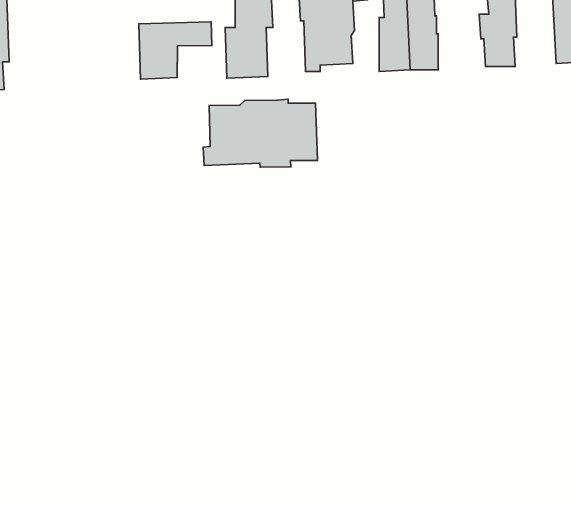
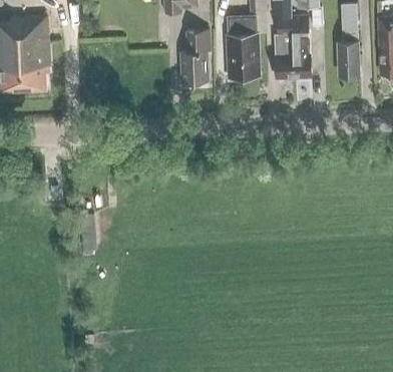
building: [139,22,212,79] -> none
building: [203,99,317,167] -> none

